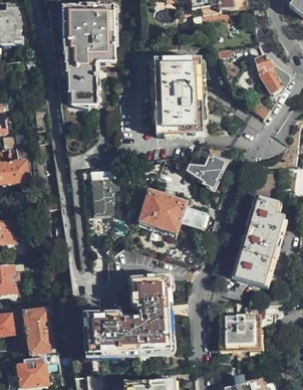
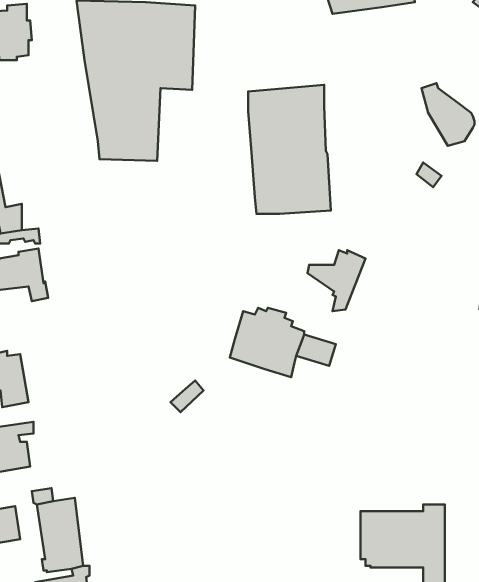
building: [92,179,117,214] -> none
building: [233,197,287,285] -> none
building: [81,281,169,349] -> none

